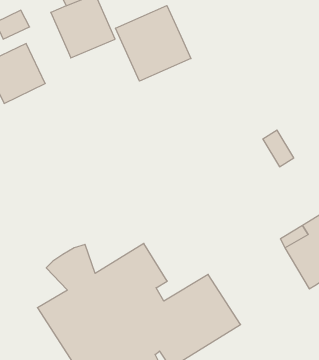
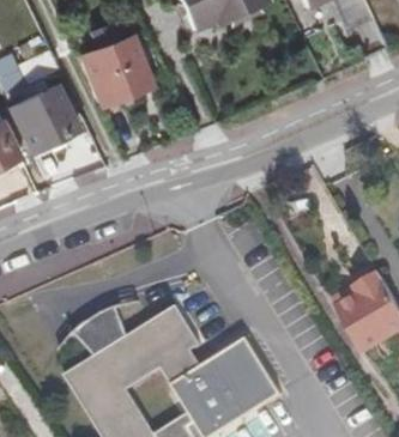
building: [116,6,191,81] -> none

